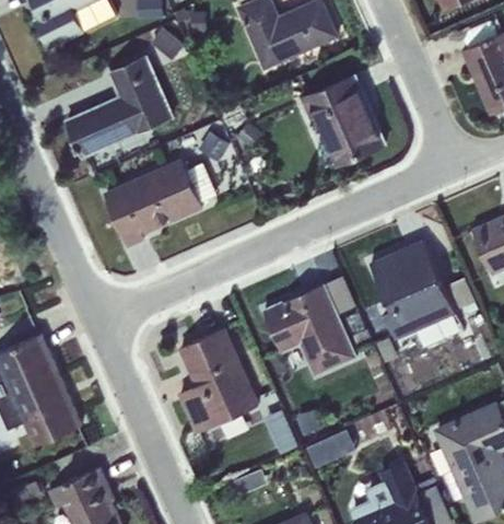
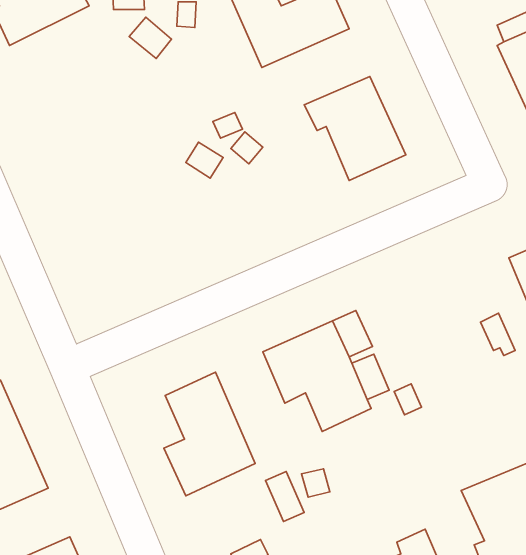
building: [67,54,176,155] -> none
building: [105,160,216,244] -> none
building: [370,240,456,340] -> none
building: [306,429,356,468] -> none

